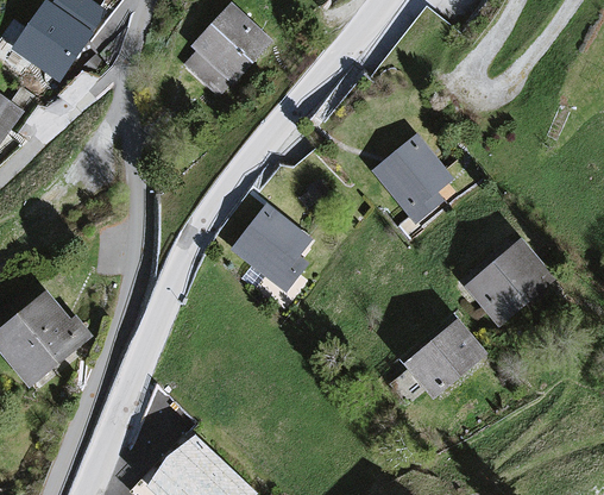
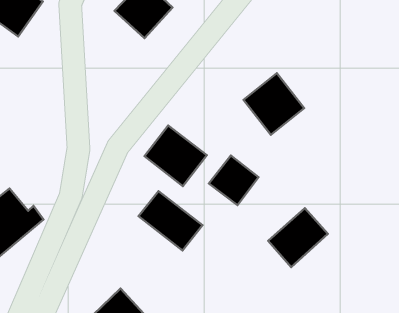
building: [457,230,554,326] -> none
building: none -> [209,156,259,205]
building: none -> [138,191,203,250]

